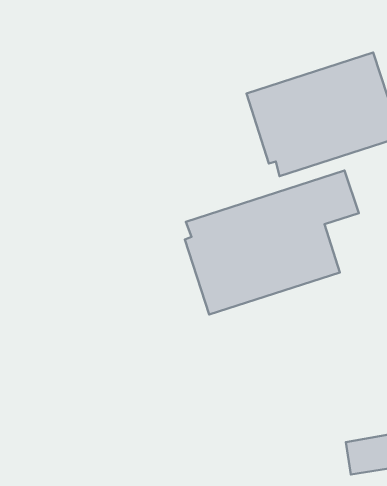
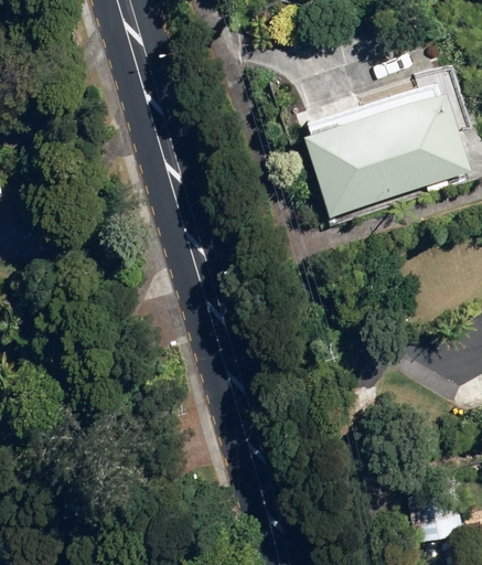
building: [185,170,359,315] -> none

